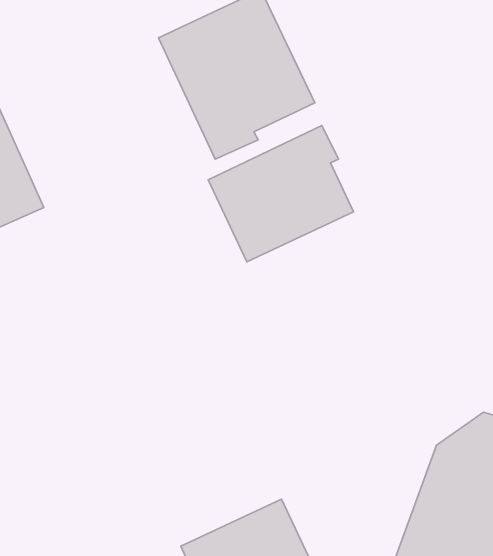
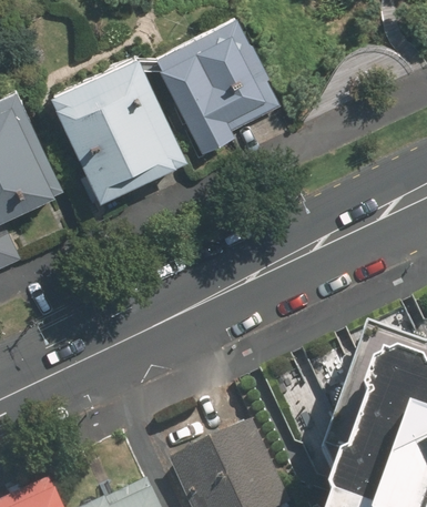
building: none -> [47,54,186,204]
building: [208,126,353,262] -> none

